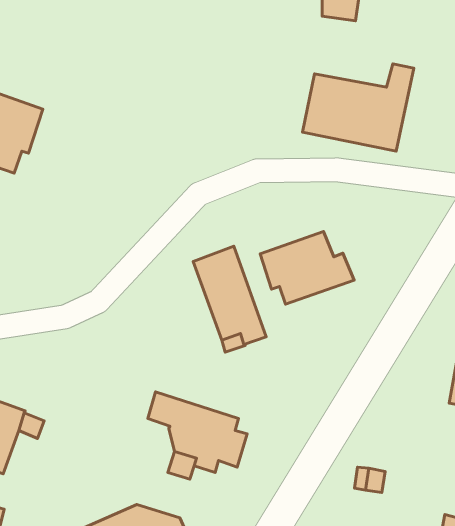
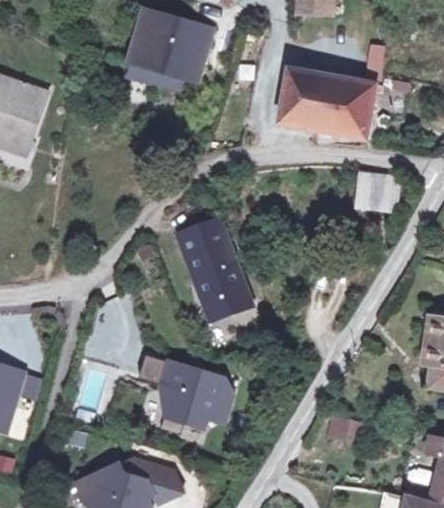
building: none -> [131,10,209,88]
building: none -> [356,178,401,209]
building: [260,232,354,304] -> none

